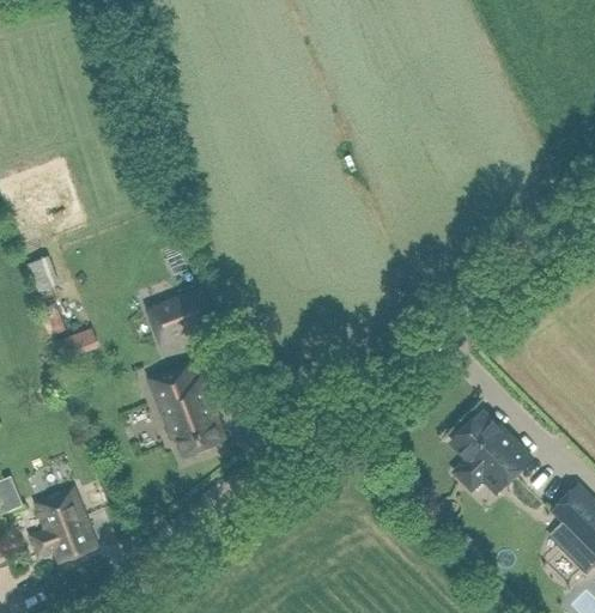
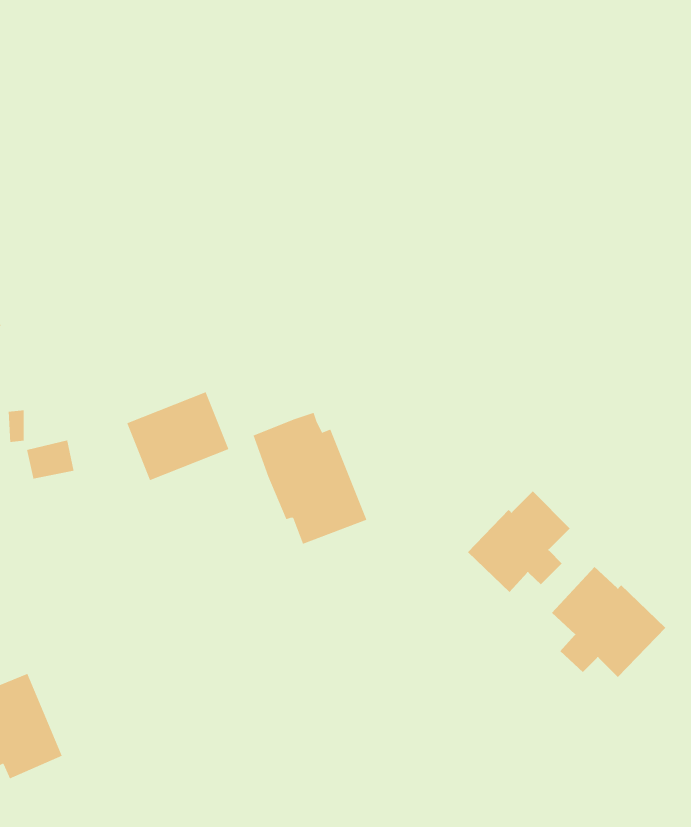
building: none -> [467,490,571,593]
building: [146,363,229,459] -> [252,412,367,545]

